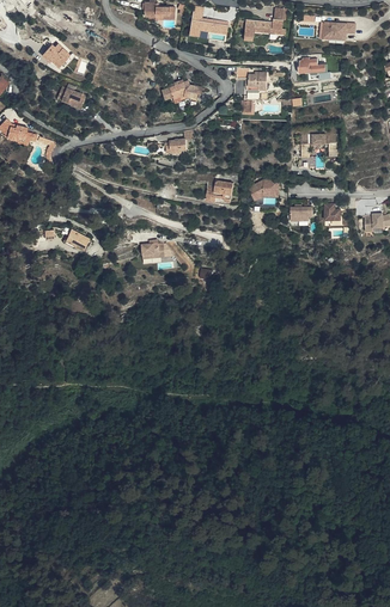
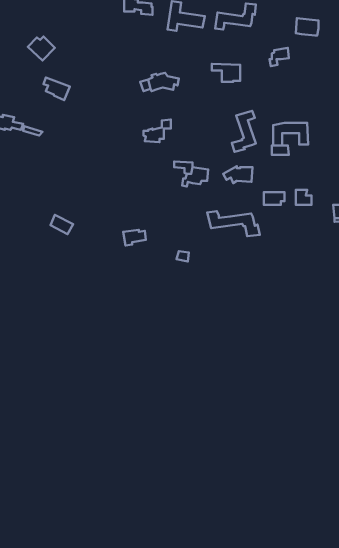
building: none -> [232,111,256,152]
building: none -> [207,211,260,236]

